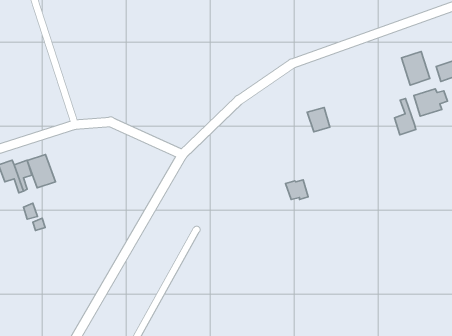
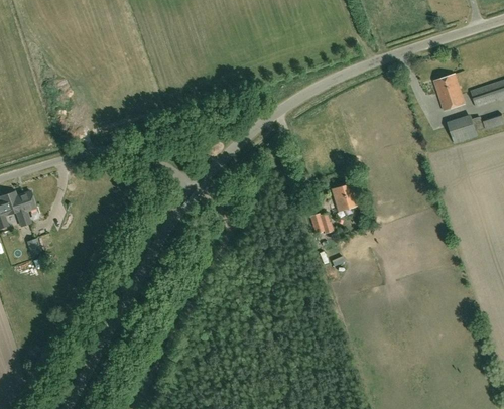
building: [395,99,416,135] -> none
building: [307,108,330,132] -> [332,183,356,210]
building: [27,154,55,188] -> none

